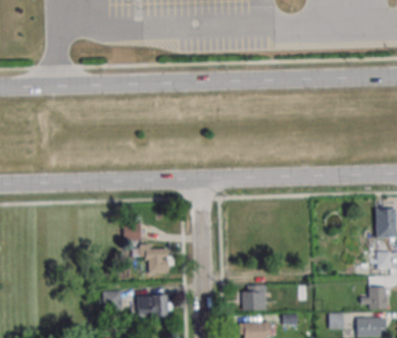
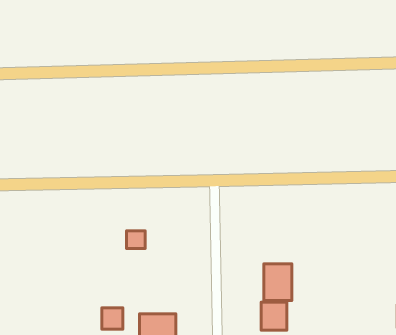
building: [133,244,168,273] -> none
building: none -> [264,264,292,301]

